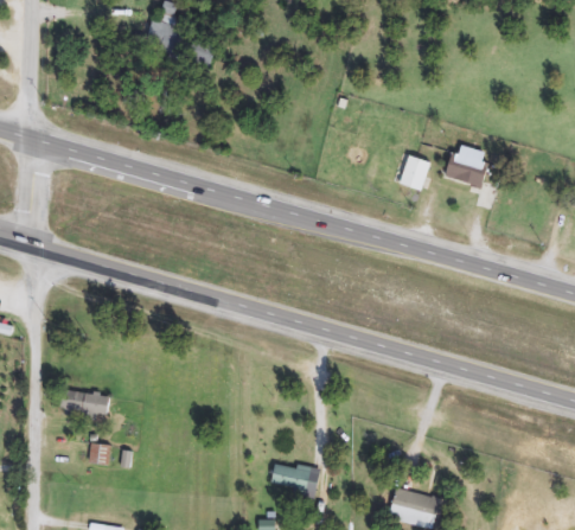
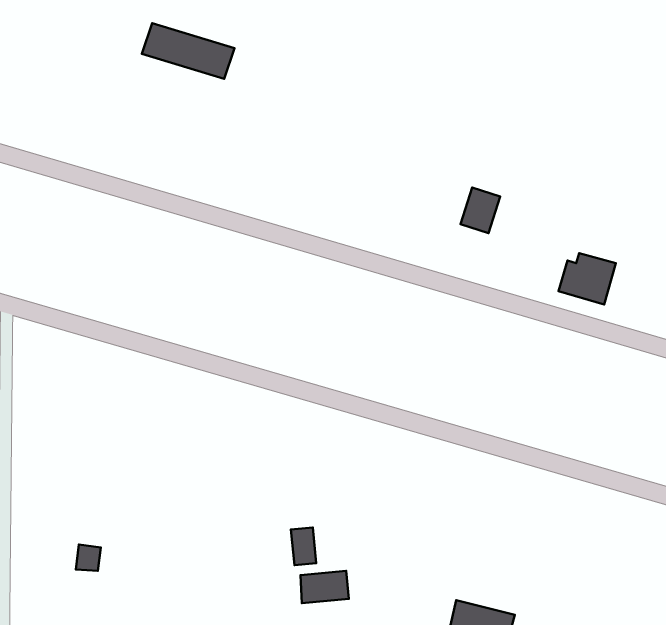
building: [445,145,491,186] -> [559,253,616,304]
building: [57,387,110,416] -> none
building: none -> [291,527,316,565]

